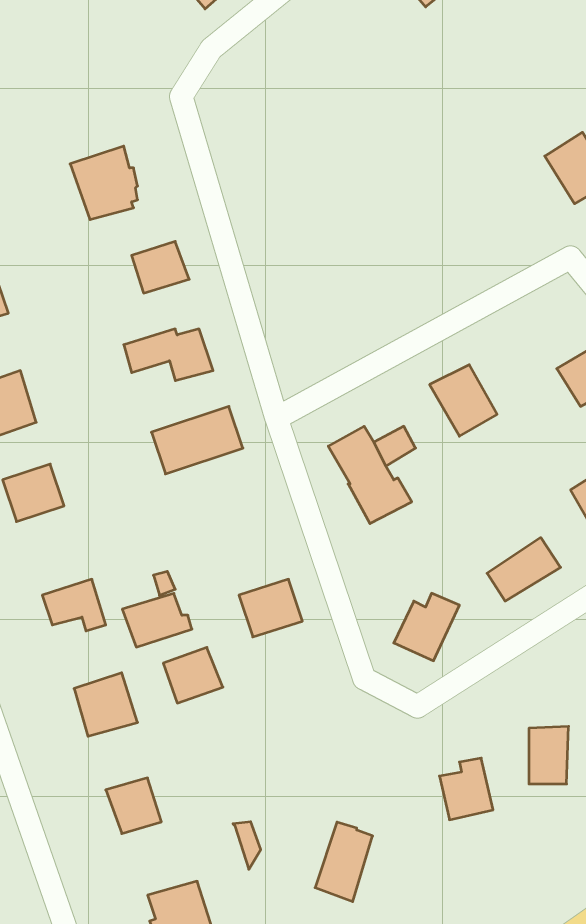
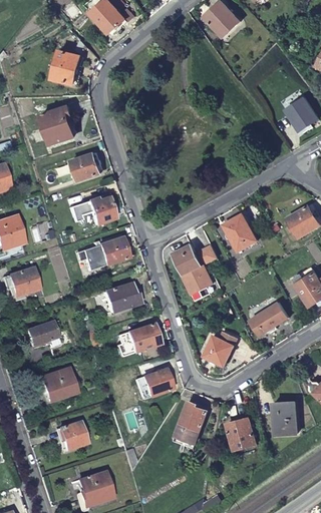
building: none -> [51,51,83,85]
building: [122,593,192,647] -> [102,285,137,312]
building: [163,647,223,703] -> [141,368,172,396]
building: [315,822,373,902] -> [179,399,208,439]

